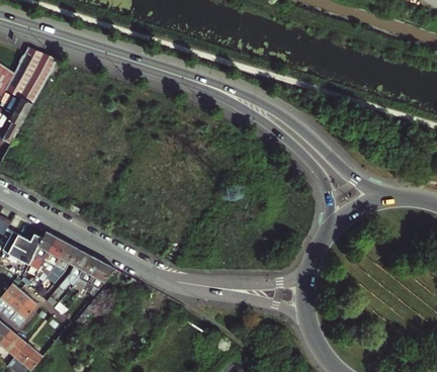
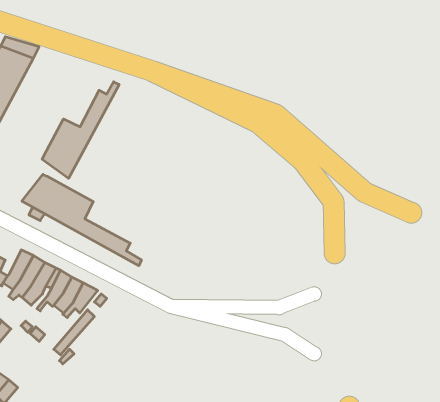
building: none -> [42,82,119,178]
building: none -> [22,174,141,266]

